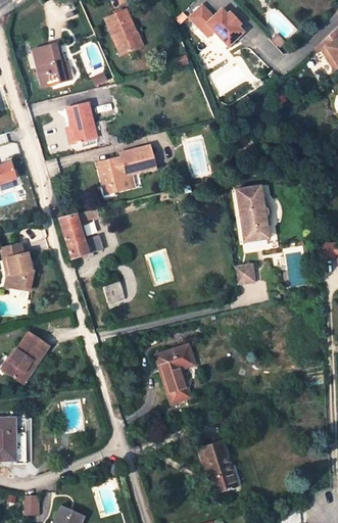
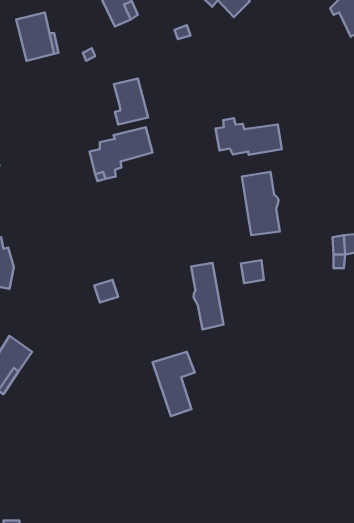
building: [66,102,97,143] -> [114,79,148,124]
building: none -> [215,118,282,155]
building: [58,208,103,258] -> none
building: none -> [191,263,224,330]
building: [199,440,237,492] -> none

